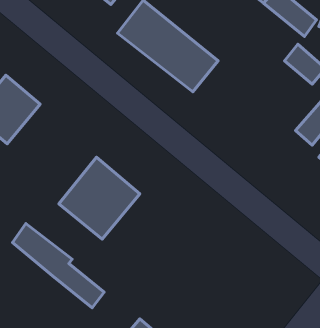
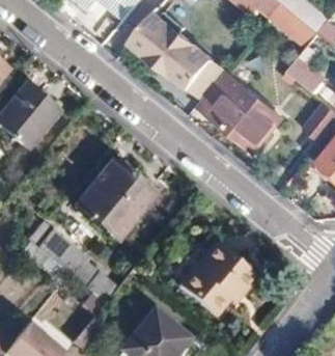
building: none -> [198,72,280,149]
building: none -> [180,242,258,314]

